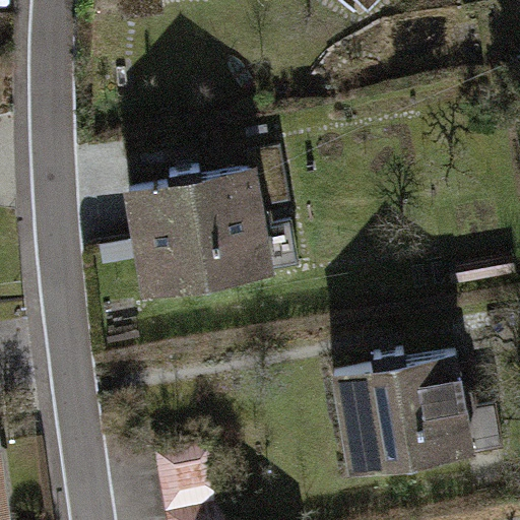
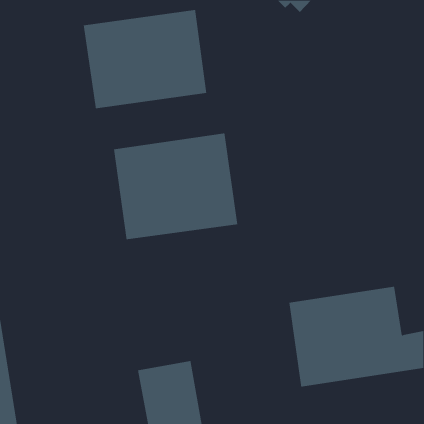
building: none -> [83,9,207,109]

